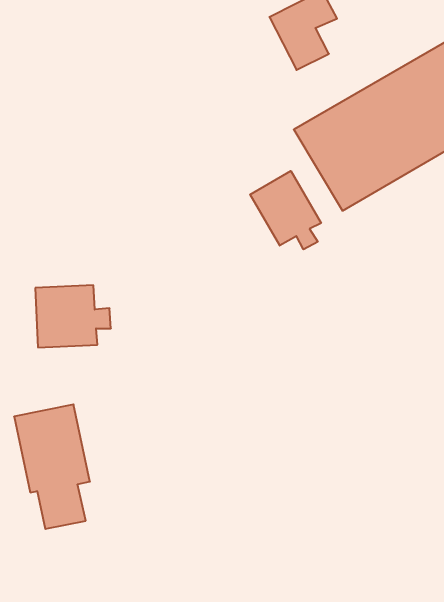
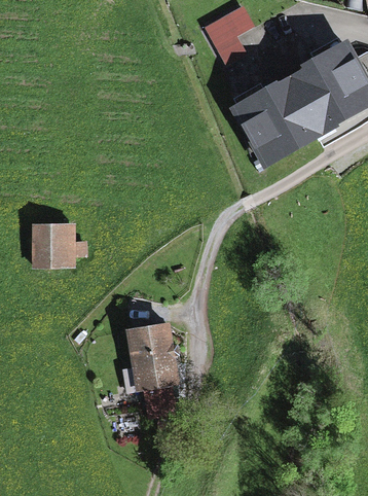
building: [250,171,321,249] -> none
building: [14,404,90,529] -> [124,324,182,419]

